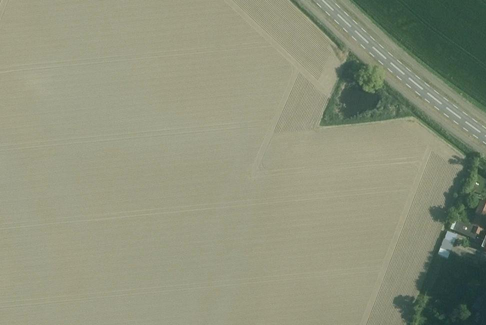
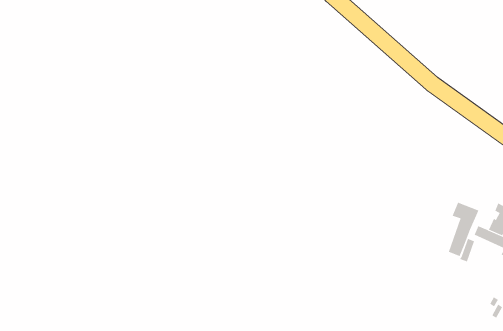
building: none -> [448,202,479,257]

